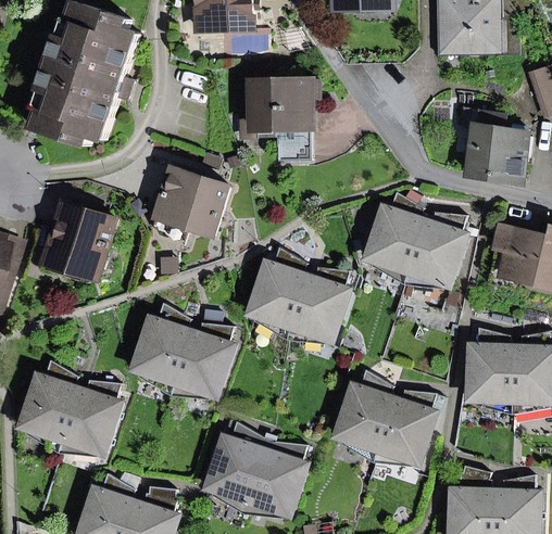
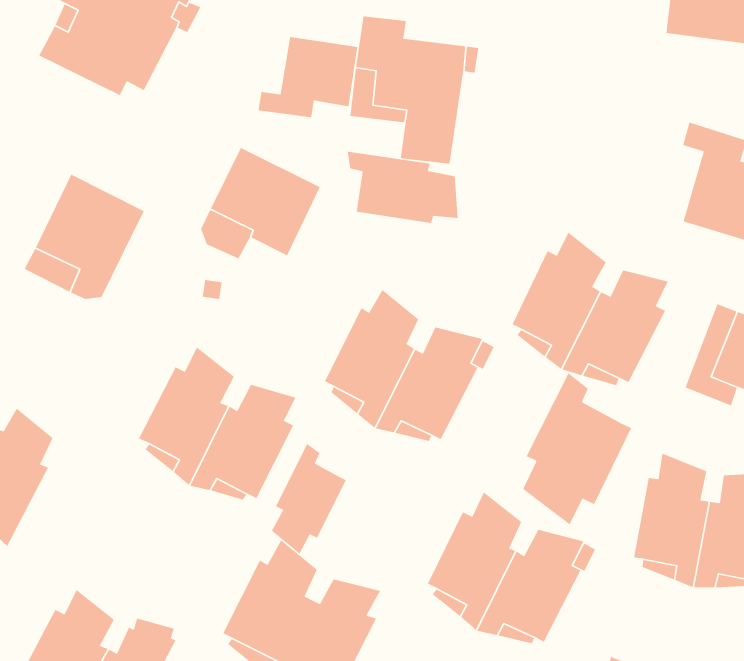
building: none -> [257,36,358,118]
building: none -> [347,151,459,224]
building: none -> [522,372,632,525]
building: none -> [271,443,347,555]
building: [58,380,121,454] -> none

